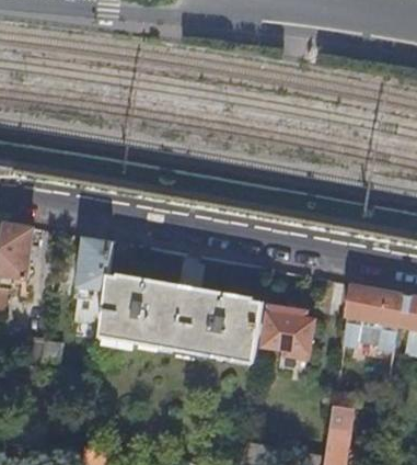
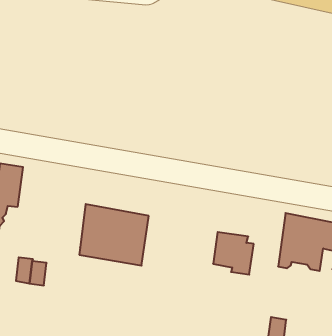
building: [76,237,114,326] -> none
building: [177,287,264,362] -> none

